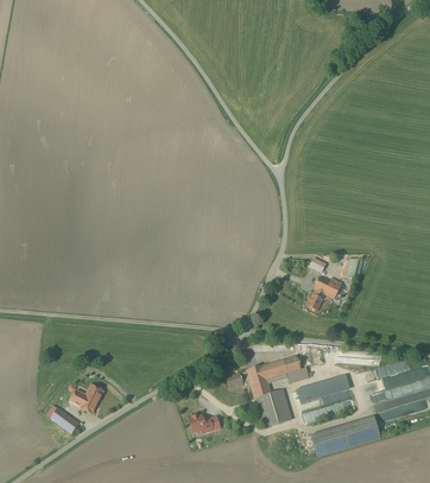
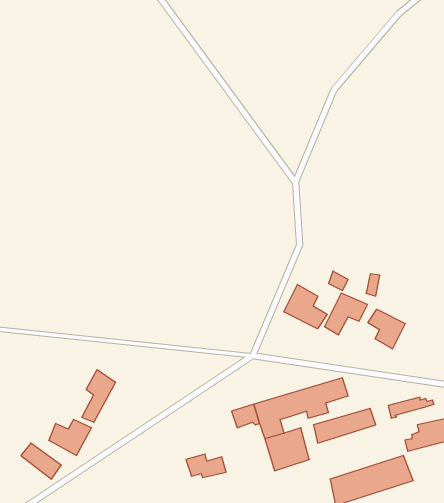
building: none -> [284,284,327,329]
building: none -> [368,309,405,349]
building: none -> [82,370,116,422]

